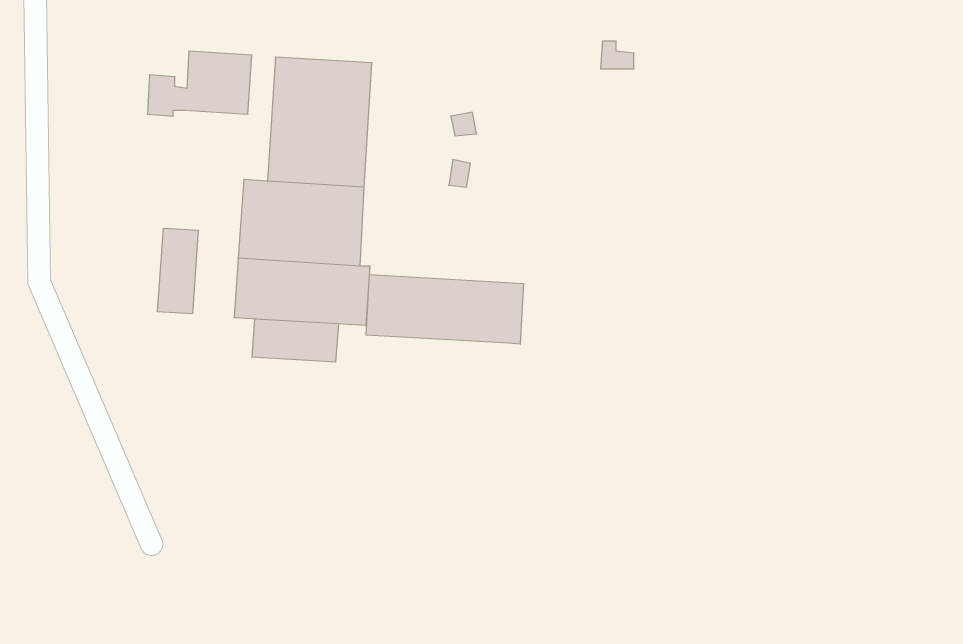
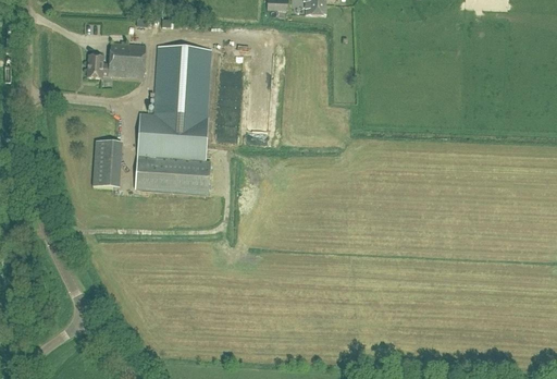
building: [366,274,523,344] -> none
building: [252,319,338,362] -> none

